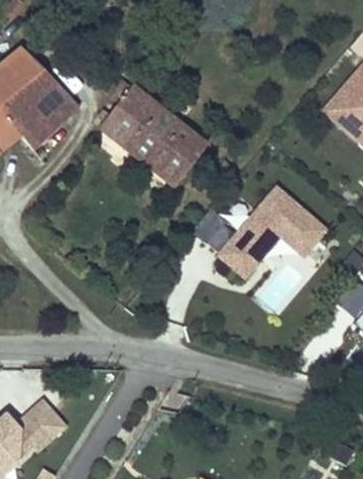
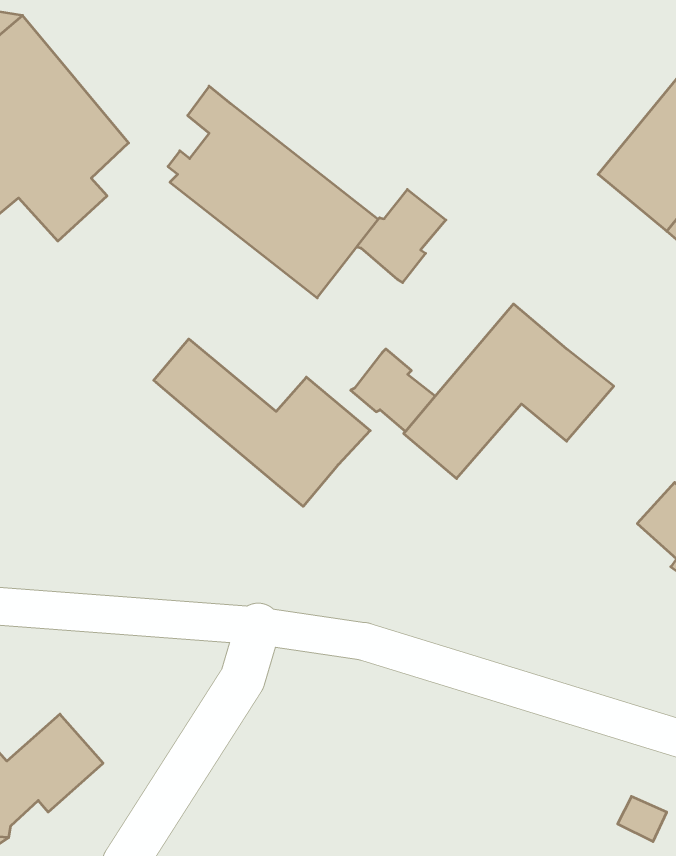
building: none -> [357,189,446,283]
building: none -> [154,339,370,506]

